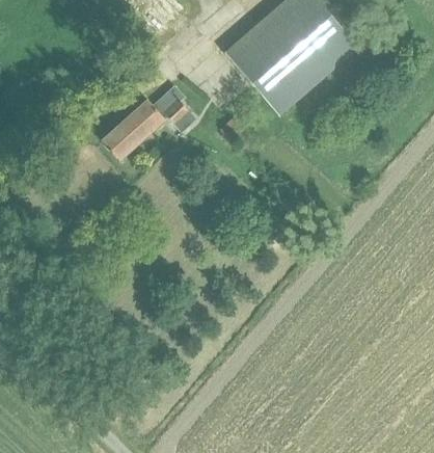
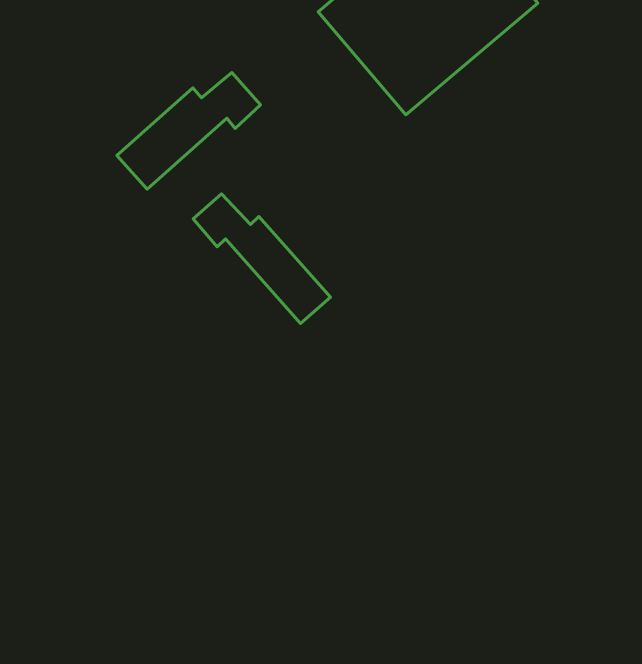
building: none -> [193,194,331,324]

